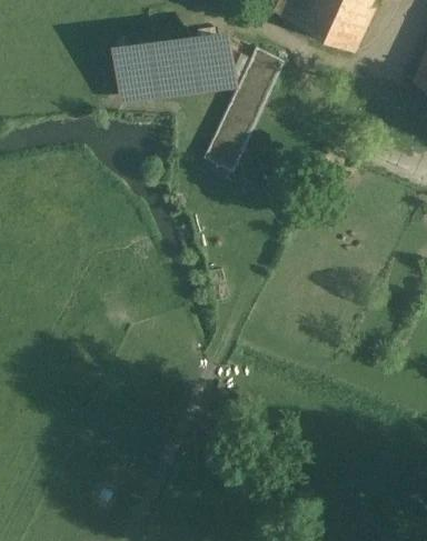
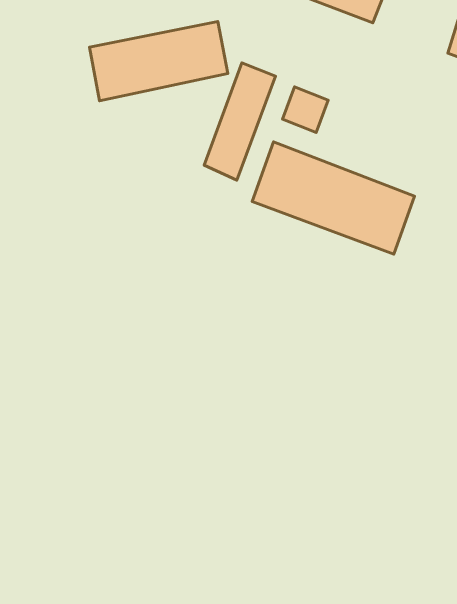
building: [244,48,282,87] -> [282,87,328,133]
building: none -> [252,142,415,254]

